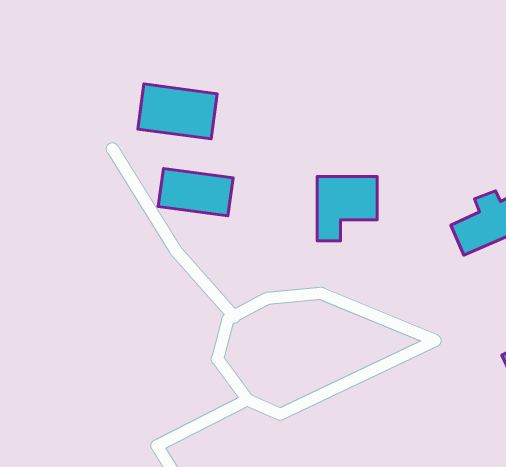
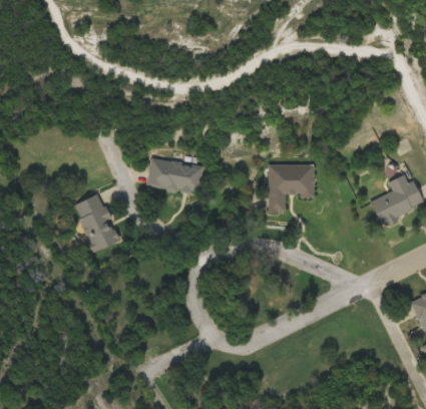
building: [138,84,217,139] -> none
building: none -> [75,194,118,252]

